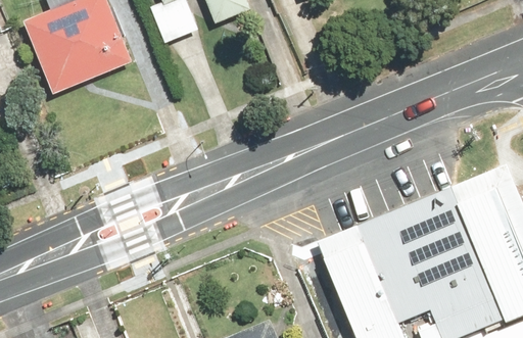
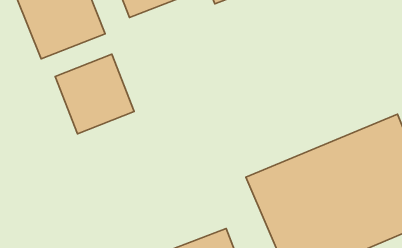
building: none -> [55,54,134,134]

